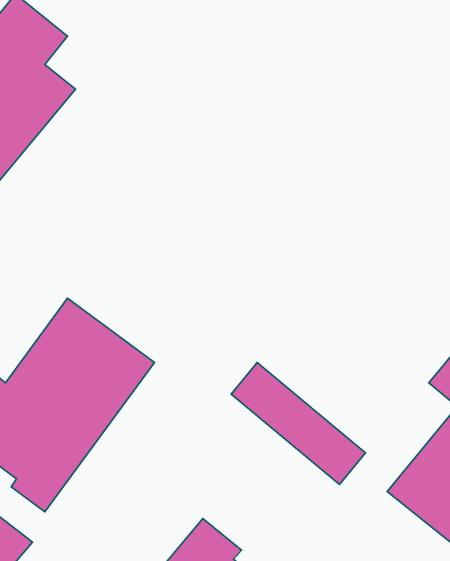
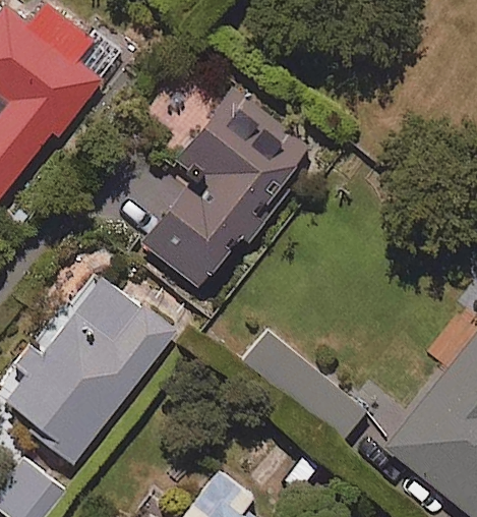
building: none -> [141,89,311,291]

